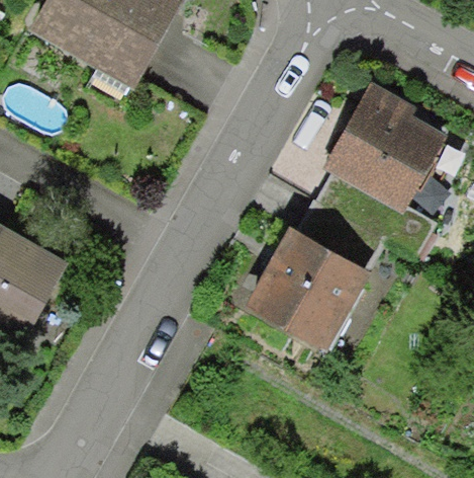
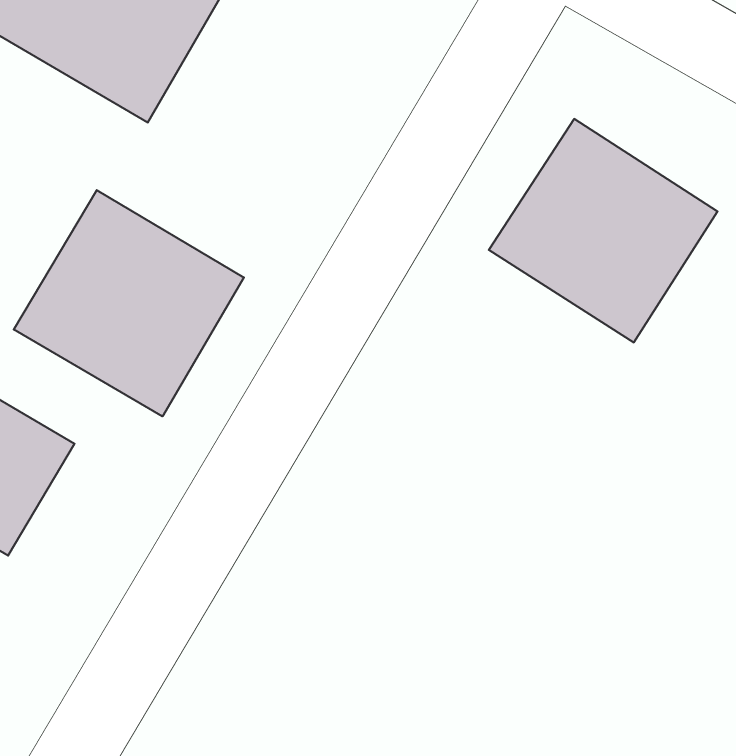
building: none -> [14,190,244,416]
building: [256,231,368,346] -> none

